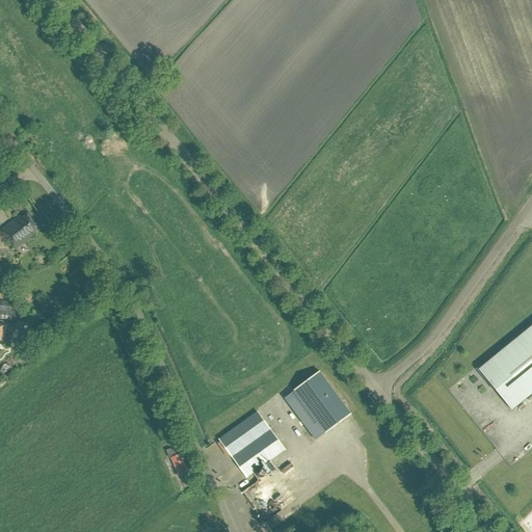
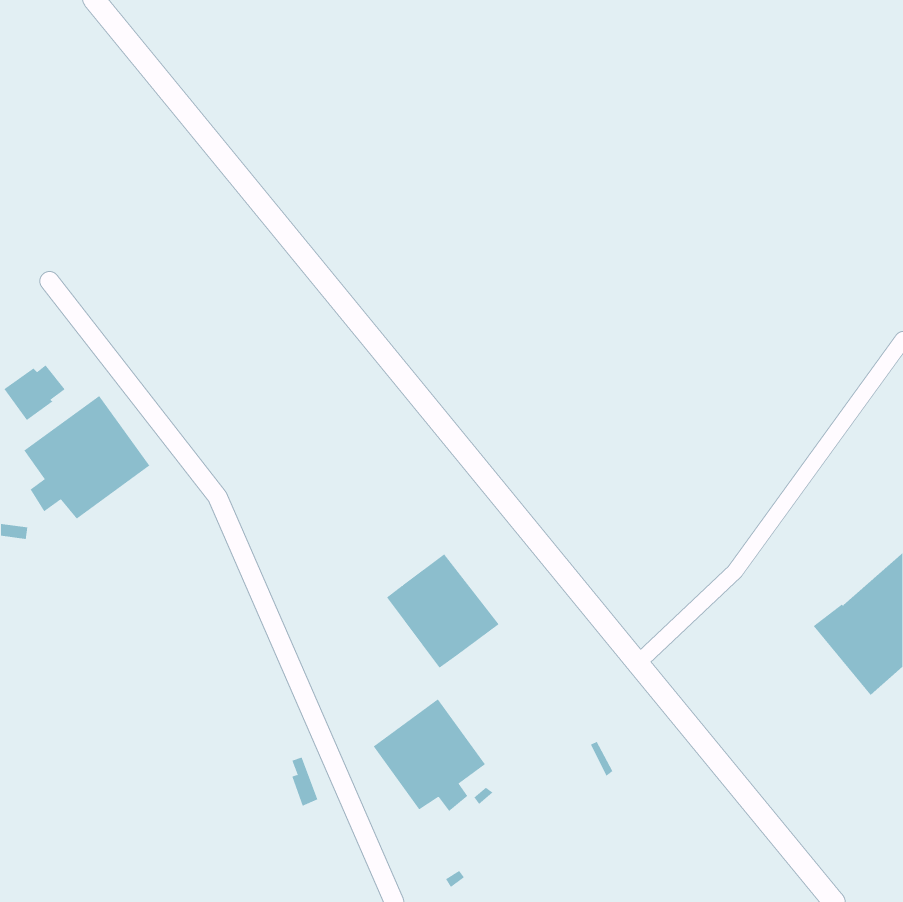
building: none -> [23,395,150,519]
building: [285,371,351,438] -> [386,553,499,668]

